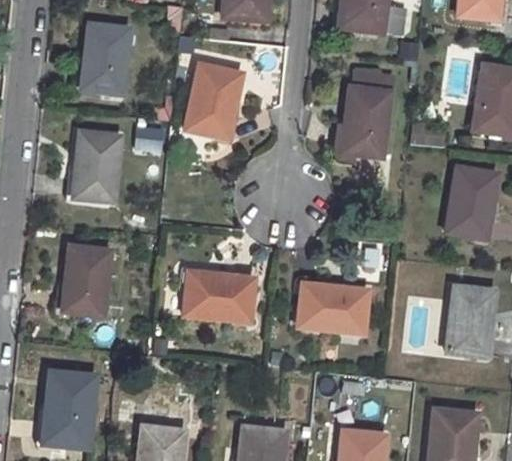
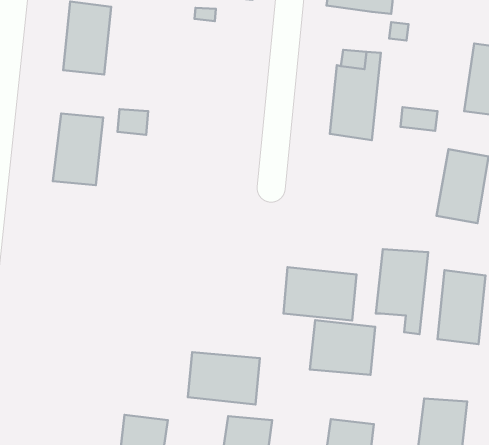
building: [185,63,241,139] -> none
building: [62,246,110,315] -> none
building: none -> [376,249,428,334]
building: [184,271,254,322] -> [188,352,260,404]
building: none -> [310,320,375,375]
building: [42,371,95,448] -> none

